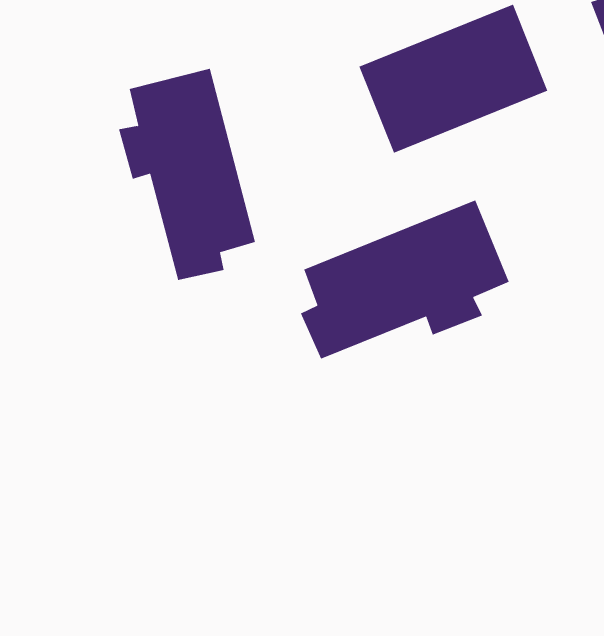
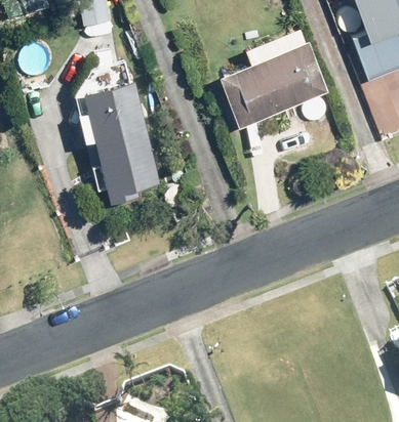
building: [300,199,509,360] -> none

